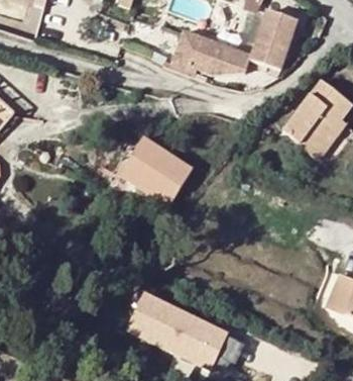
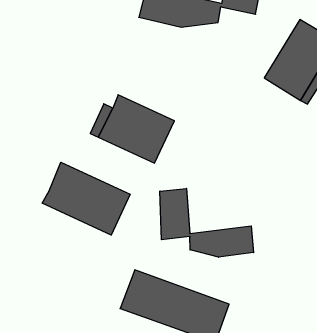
building: none -> [42,162,130,235]
building: none -> [160,188,254,257]

